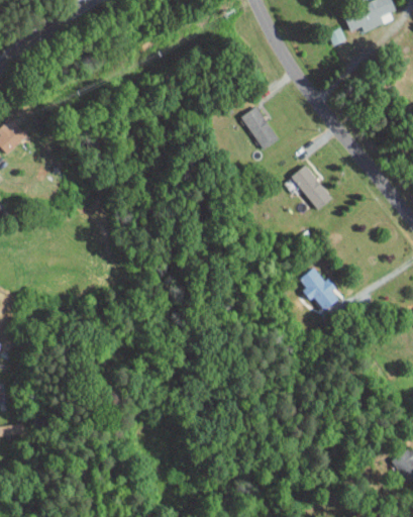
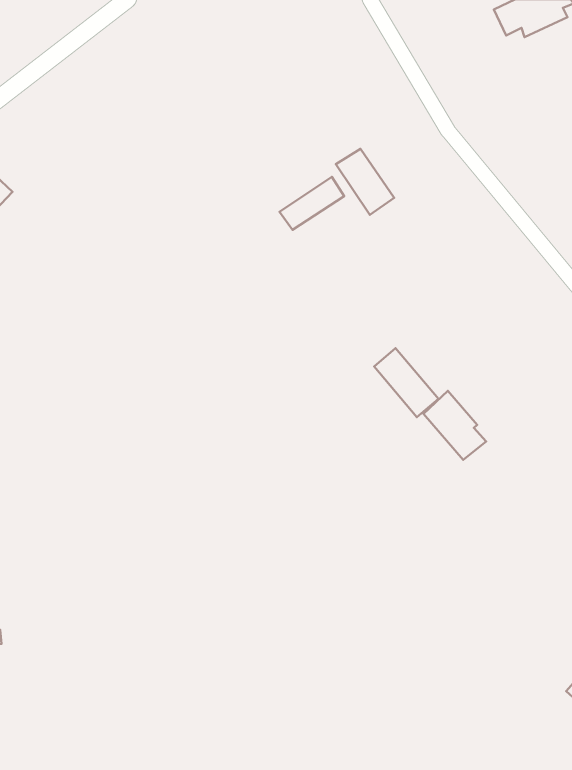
building: none -> [280,177,344,230]
building: [291,165,333,210] -> [374,348,438,417]

